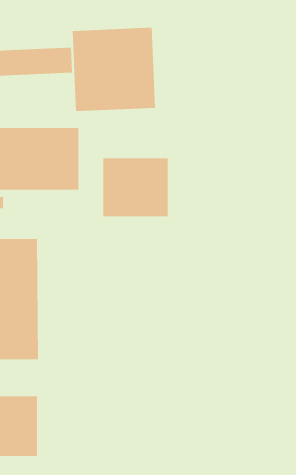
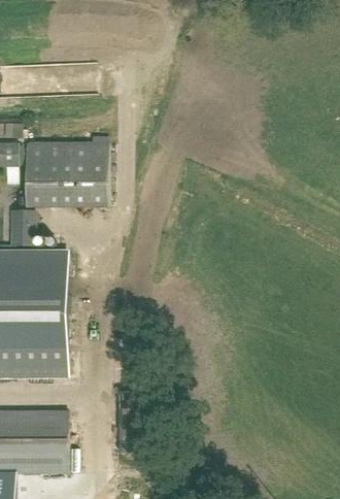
building: [72,27,156,112] -> none
building: [103,157,168,217] -> none

